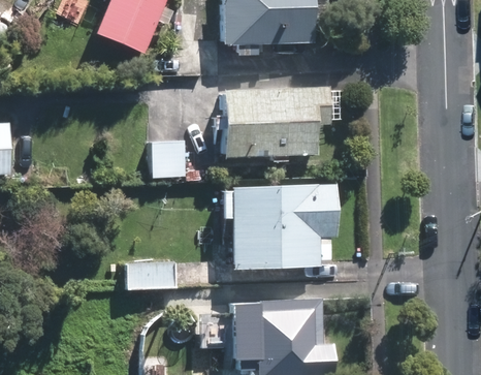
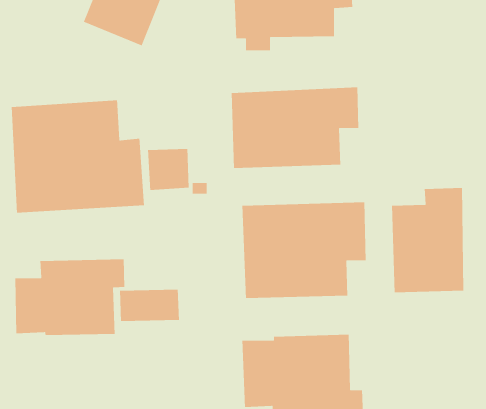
building: none -> [11,99,145,213]
building: none -> [391,187,464,293]
building: none -> [15,258,125,336]

